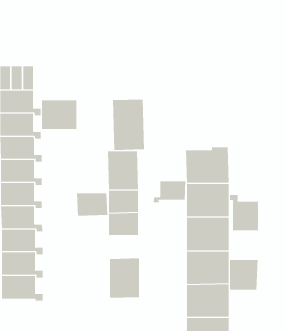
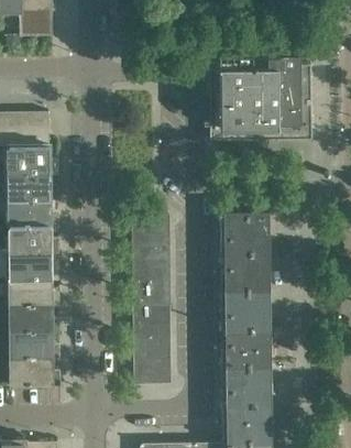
building: none -> [209,50,311,141]
building: [113,99,144,151] -> none
building: [42,99,77,130] -> none
building: [153,181,186,203] -> none
building: [76,193,108,216] -> [133,312,169,338]
building: [229,194,259,231] -> none
building: [229,259,258,291] -> none

